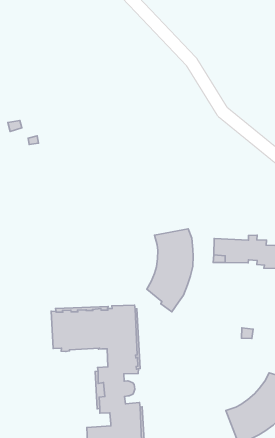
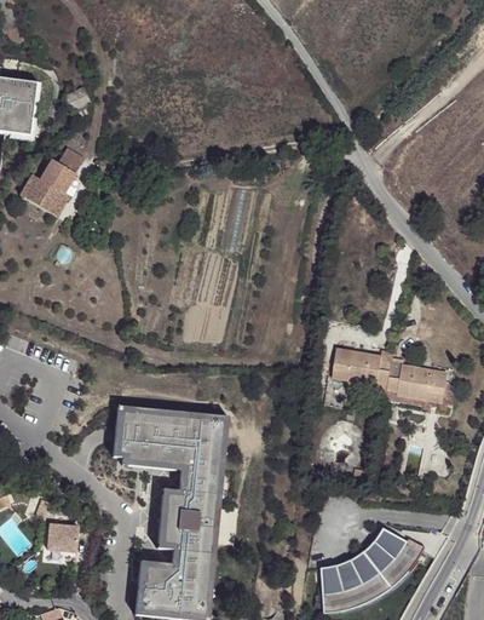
building: [147,229,193,312] -> none
building: none -> [46,524,77,552]

